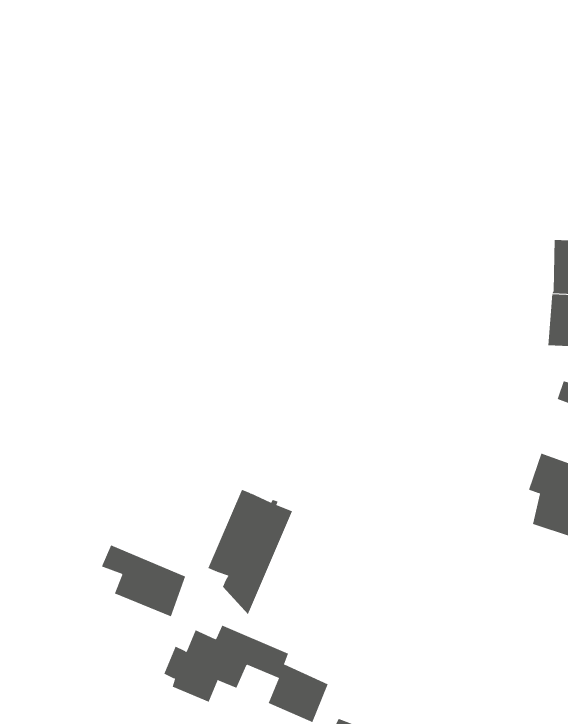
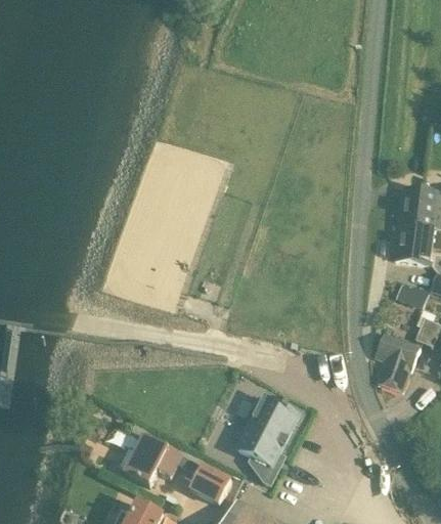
building: [207,489,293,615] -> [238,396,299,482]
building: [101,545,186,617] -> none

